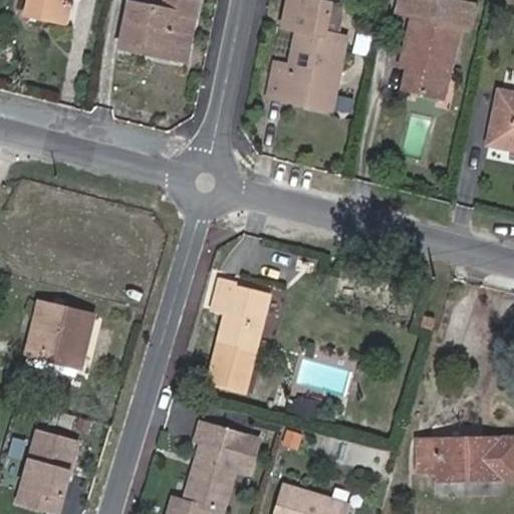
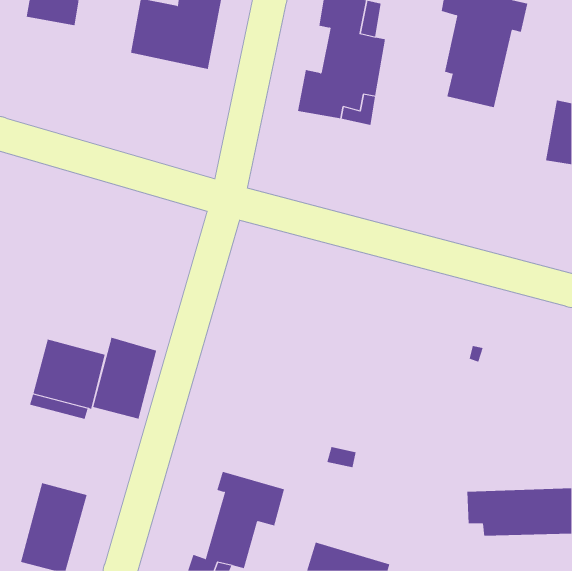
building: [207,278,269,394] -> none
building: none -> [92,337,157,420]

